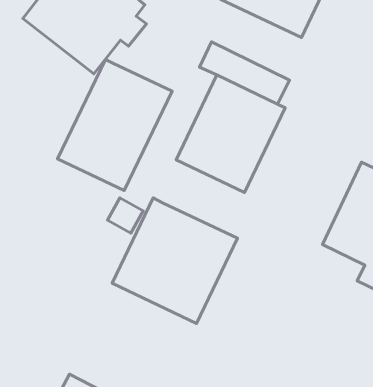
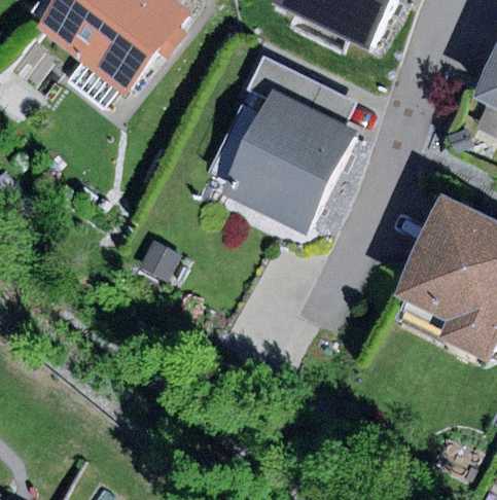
building: [58,59,172,191] -> none
building: [112,198,237,323] -> none

